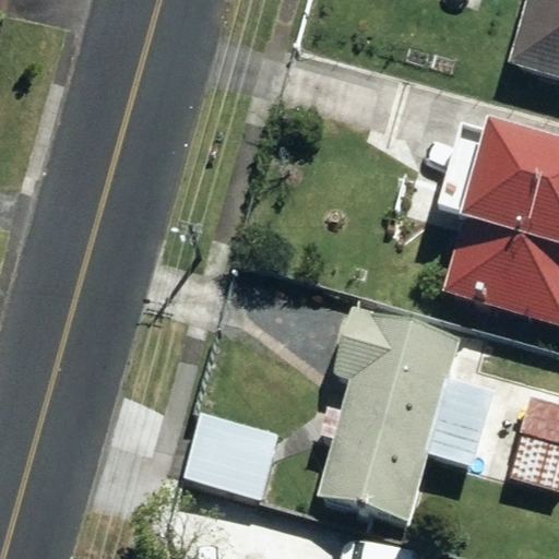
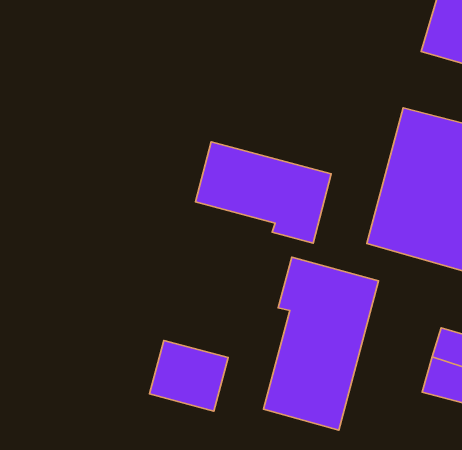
building: none -> [196,142,331,243]

